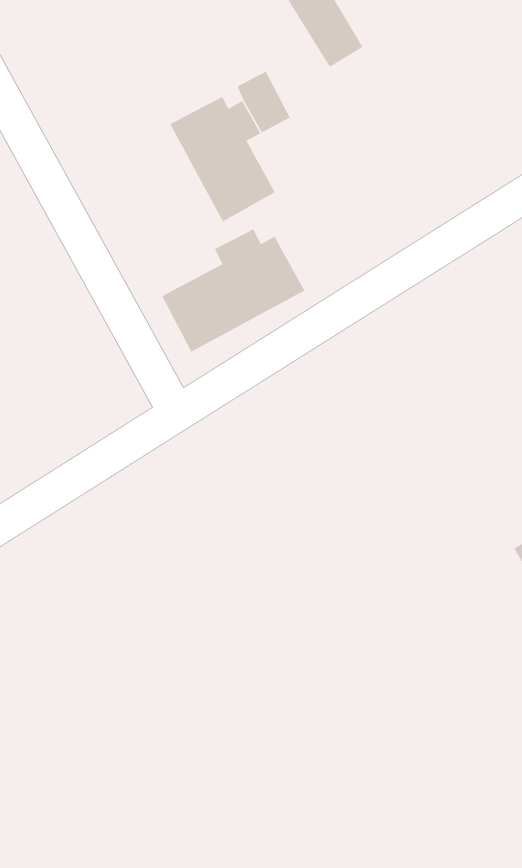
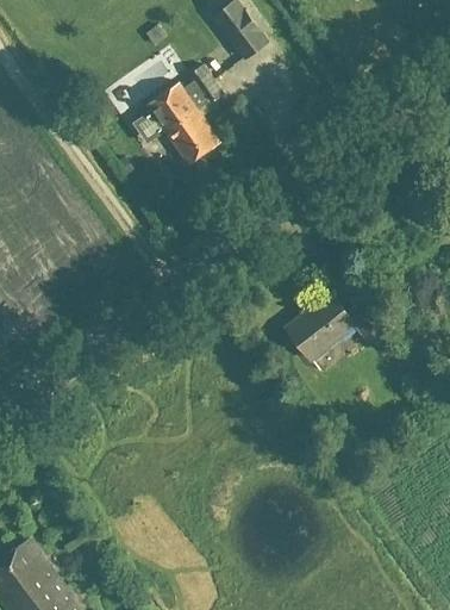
building: [161,228,305,353] -> none
building: none -> [287,292,381,361]

